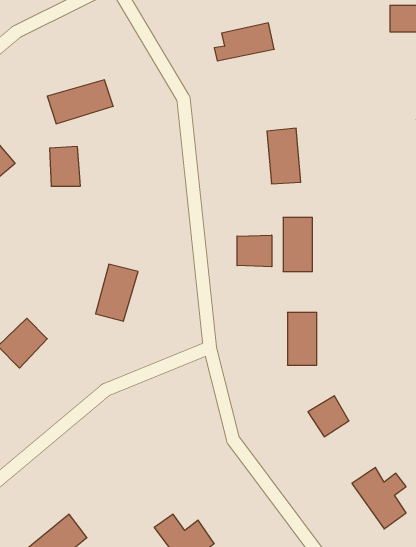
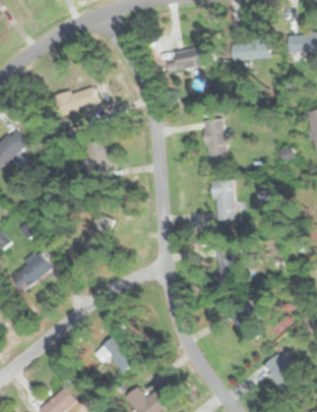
building: none -> [237,40,268,60]
building: [50,147,80,186] -> [85,141,107,169]
building: [237,235,272,267] -> none
building: none -> [96,335,138,372]

